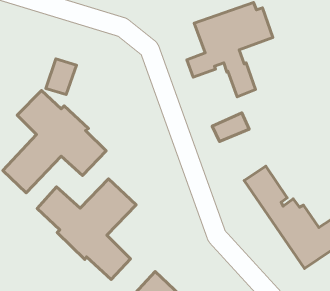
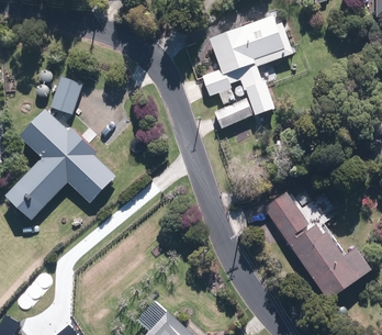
building: [212,113,249,141] -> [213,97,252,127]
building: [37,179,136,279] -> none

